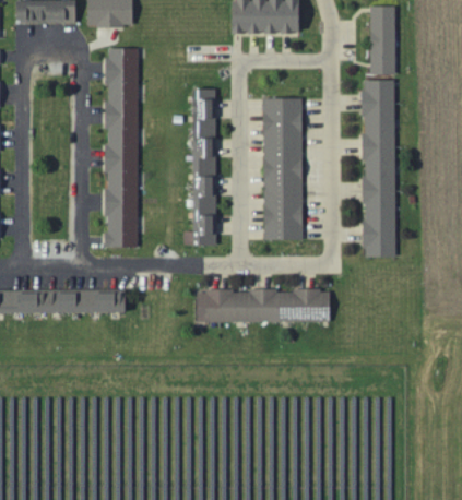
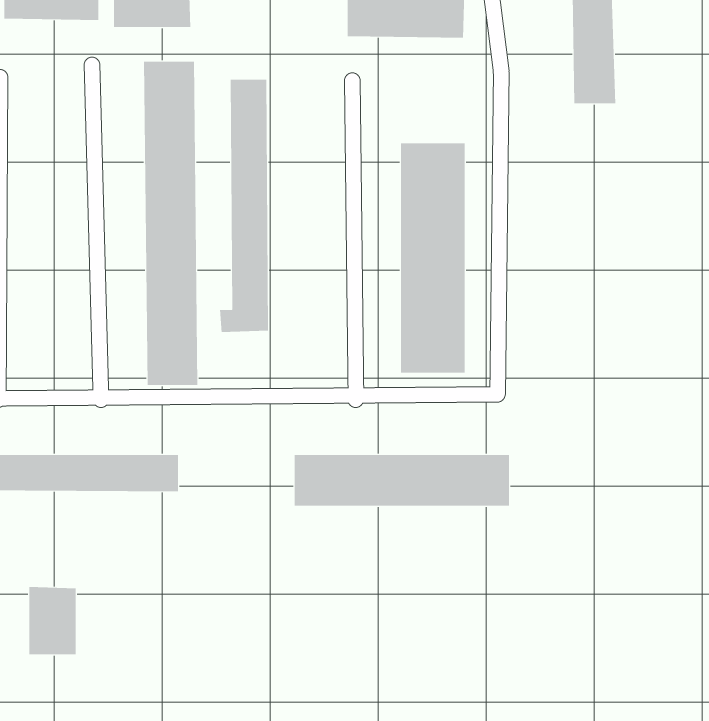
building: [363,80,394,258] -> none
building: [186,90,216,246] -> [219,79,269,332]
building: none -> [29,586,76,655]

